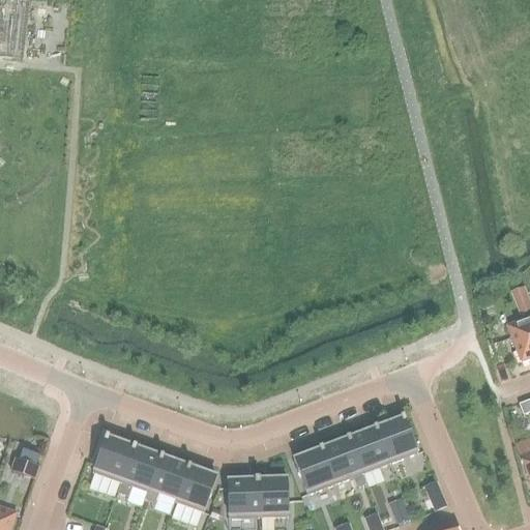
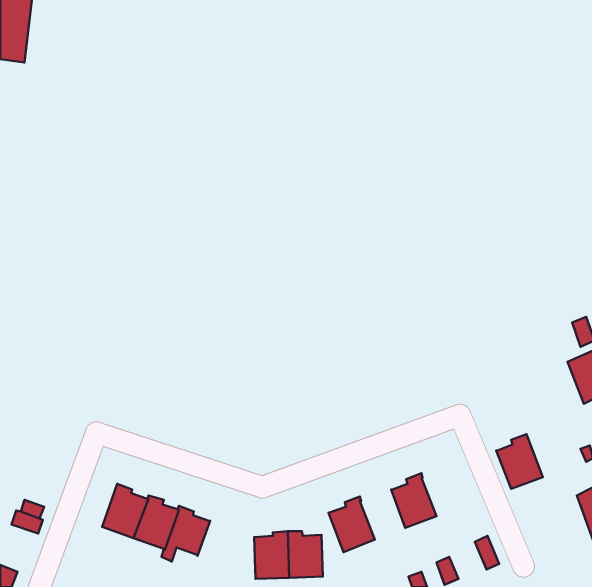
building: [377,412,418,461] -> [496,434,543,489]
building: [322,433,362,481] -> none
building: [175,462,216,510] -> none

